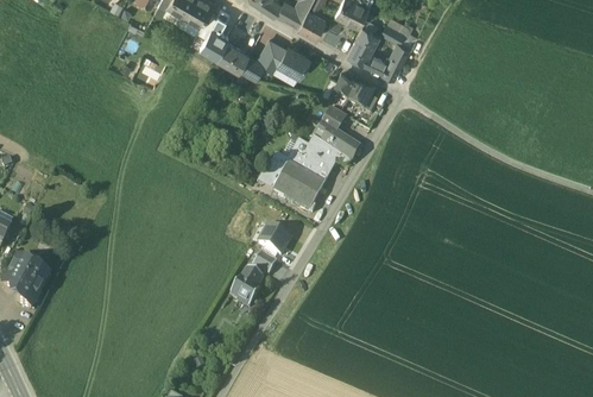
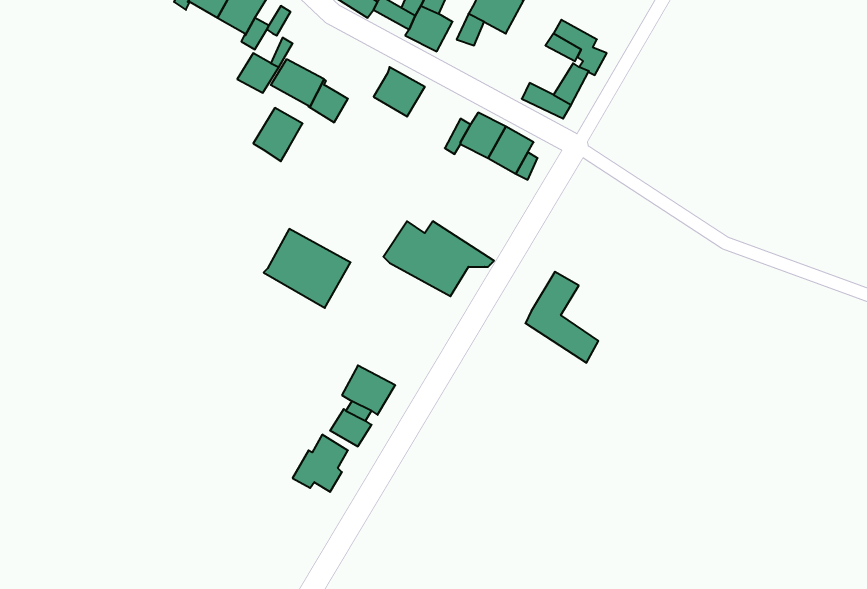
building: [347,29,377,64] -> none
building: [257,42,286,74] -> [253,108,303,161]
building: [314,109,358,164] -> [525,272,598,363]
building: [272,165,324,213] -> [264,229,351,308]

